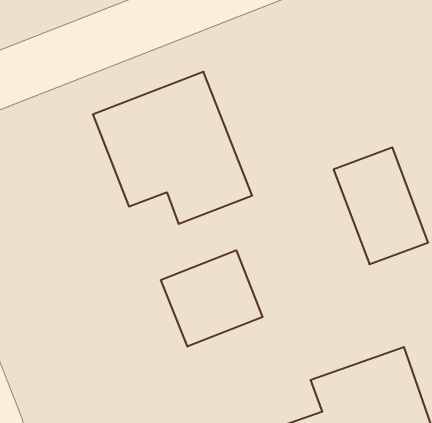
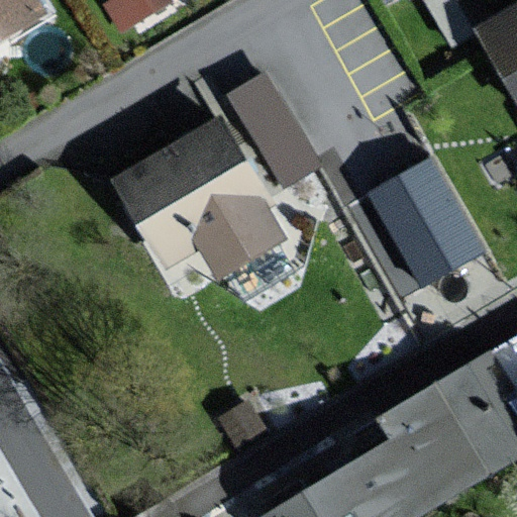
building: none -> [229,74,318,185]
building: [161,250,263,347] -> none

